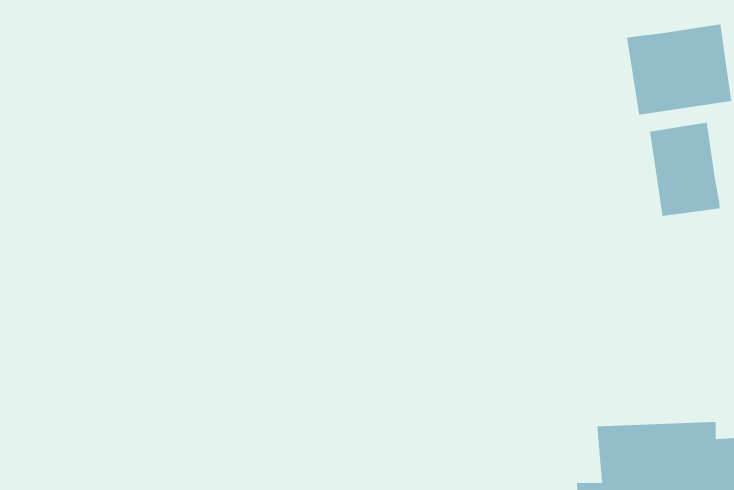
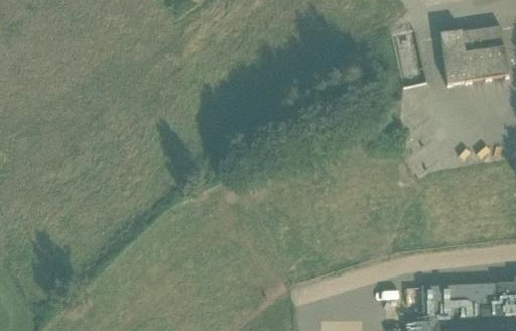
building: [649,122,721,217] -> none

